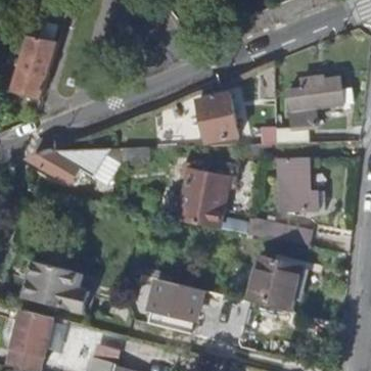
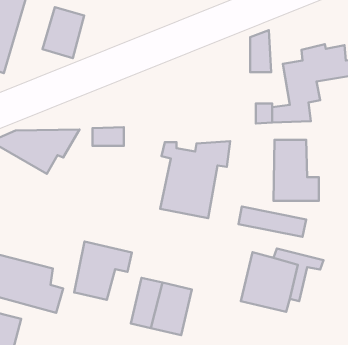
building: none -> [42,7,84,58]
building: [197,96,238,142] -> none
building: none -> [74,241,132,300]

